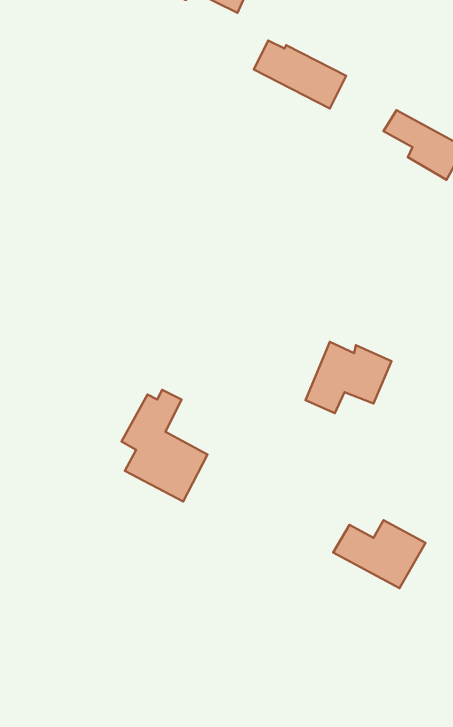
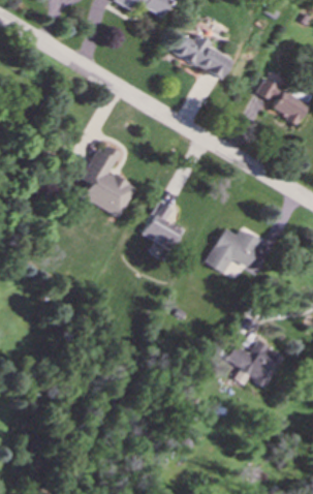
building: none -> [143,203,184,249]
building: [122,390,208,502] -> [82,146,136,217]

